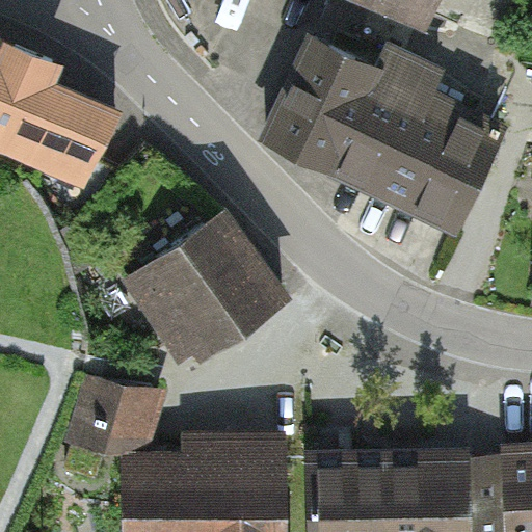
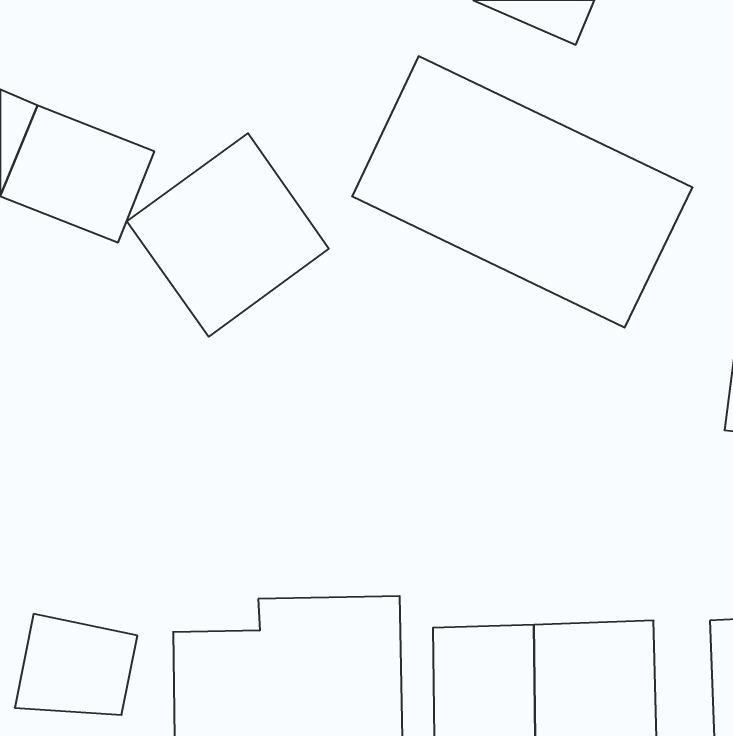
building: [138,210,284,356] -> [127,133,329,337]
building: [75,378,163,451] -> [15,614,137,715]

